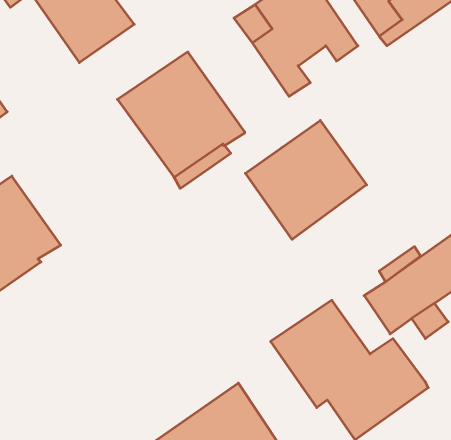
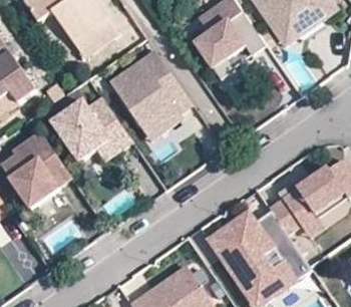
building: [245,120,367,239] -> none
building: none -> [49,95,131,161]

